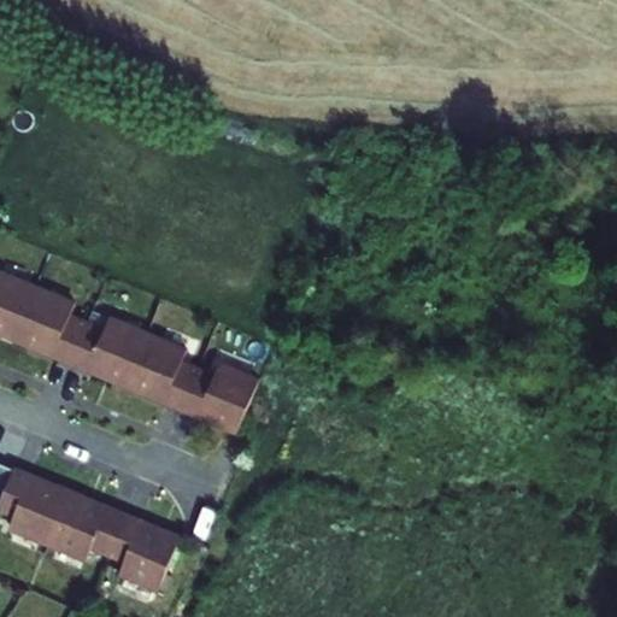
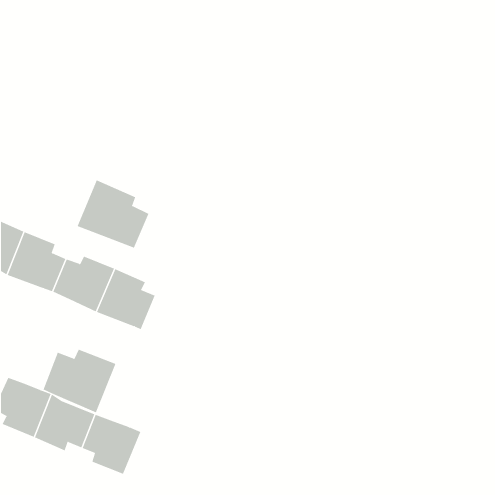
building: none -> [77,180,149,248]
building: [177,363,255,434] -> none
building: none -> [43,349,116,413]

